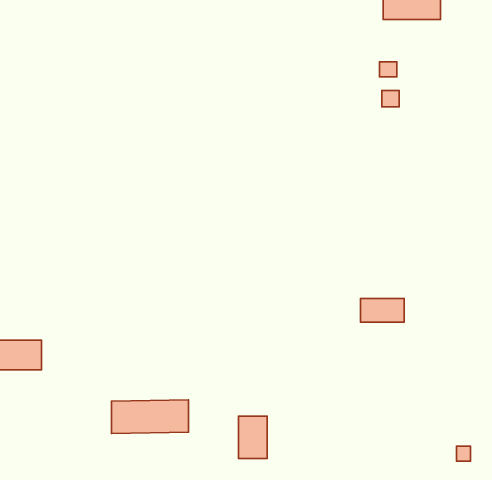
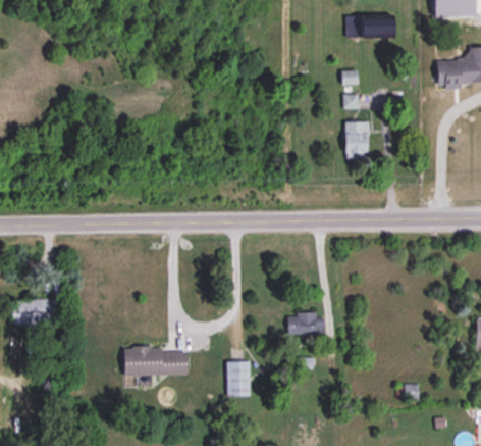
building: none -> [344,121,369,158]
building: [361,298,404,322] -> [288,313,324,333]

